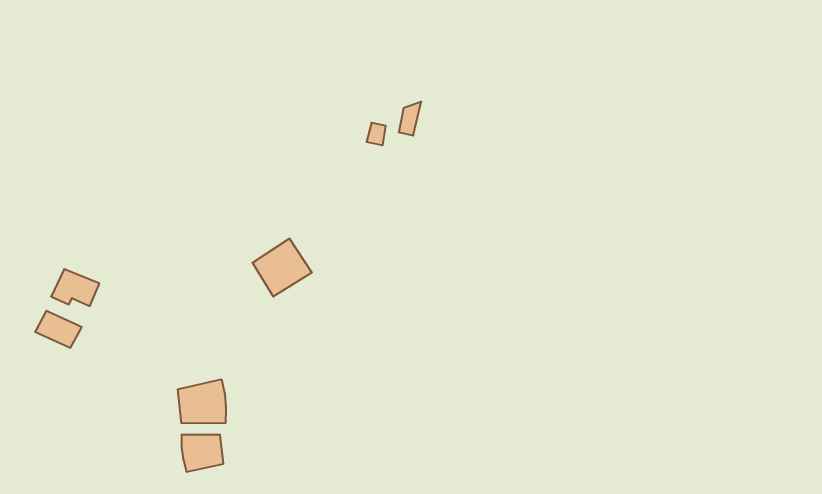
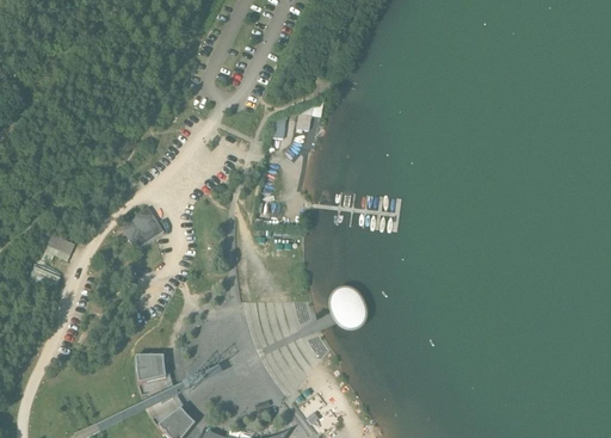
building: [252,239,312,297] -> [121,204,165,247]
building: [178,379,226,423] -> none

